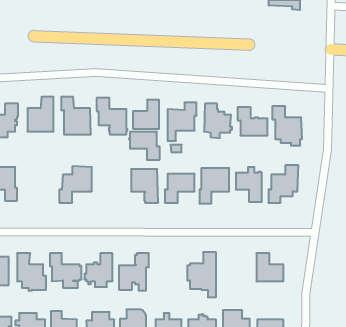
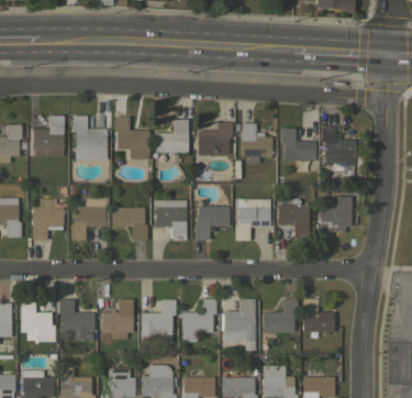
building: [129,132,160,160] -> [111,207,147,240]
building: none -> [31,199,65,241]
building: none -> [178,299,216,342]
building: none -> [263,299,298,332]

